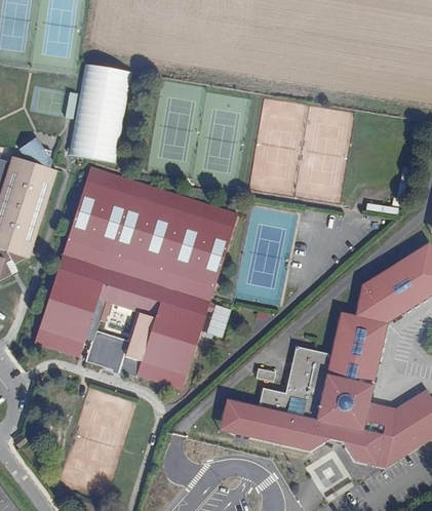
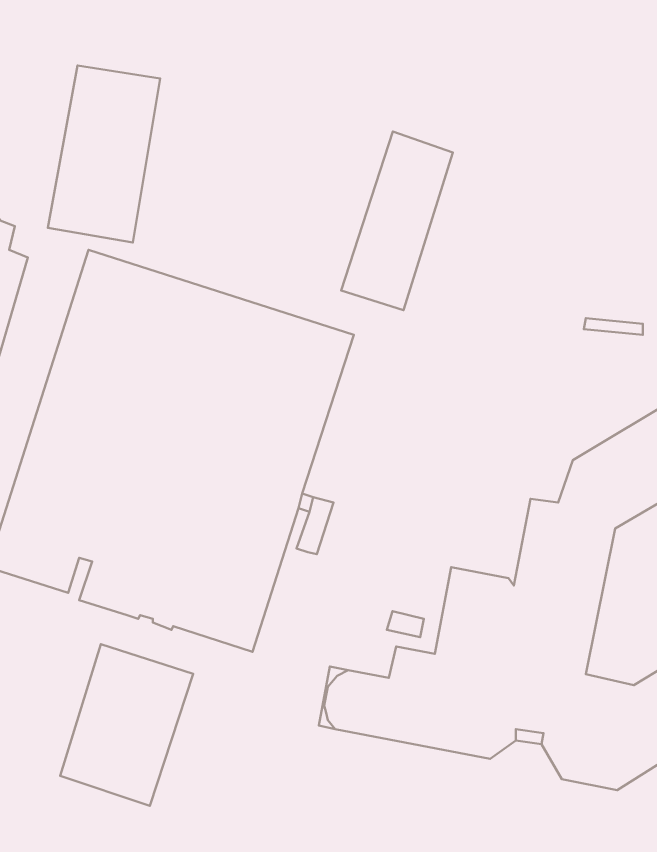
building: none -> [341,132,453,310]
building: none -> [60,644,193,806]

